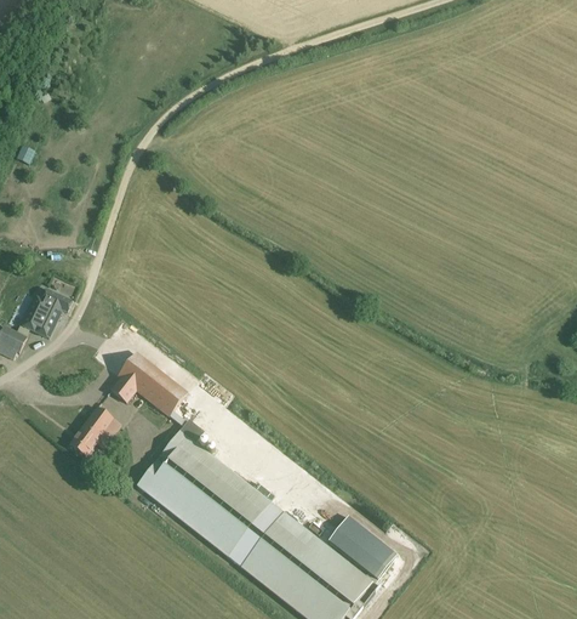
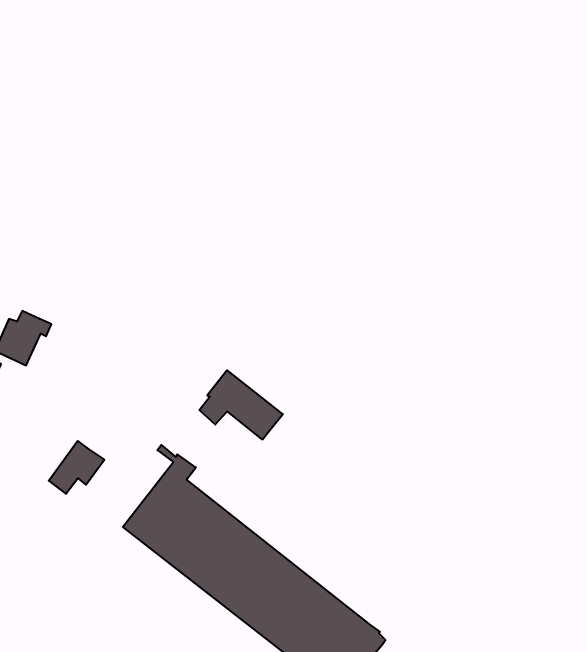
building: [112,352,188,415] -> [199,370,283,439]
building: [329,515,398,579] -> none

